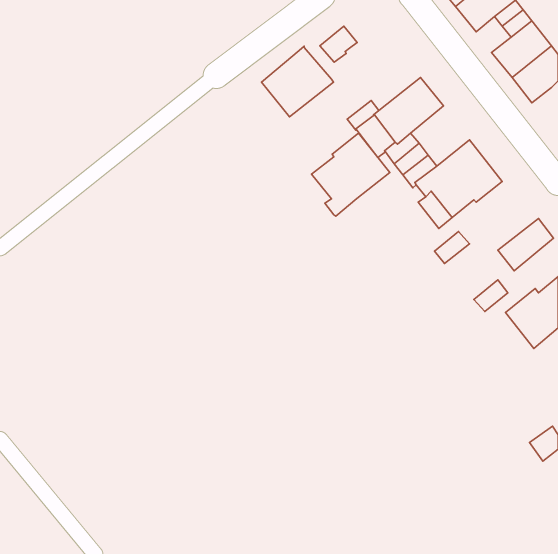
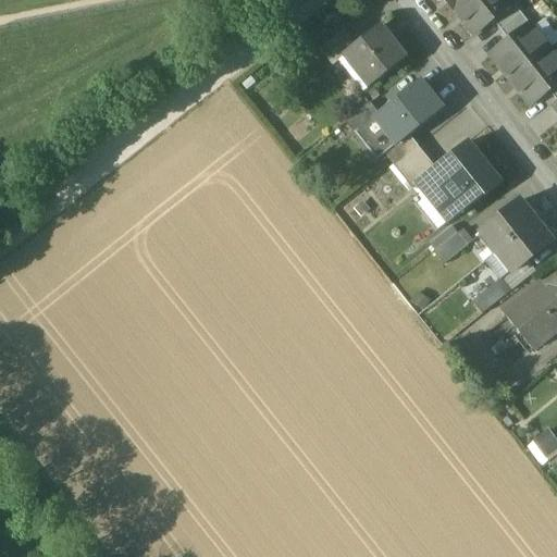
building: none -> [348,22,404,79]
building: [261,46,333,117] -> none
building: [312,133,390,216] -> none
building: none -> [480,197,536,249]

